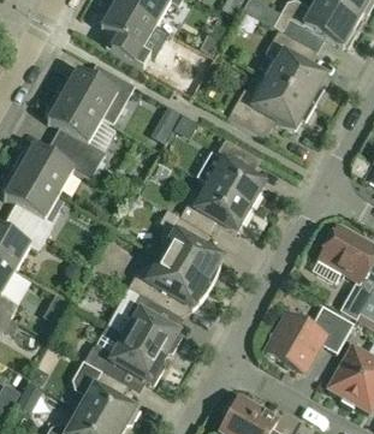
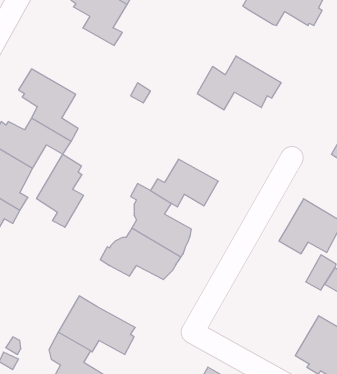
building: [266,29,327,106] -> none
building: [58,66,133,118] -> none
building: [197,137,265,207] -> none
building: none -> [37,154,83,227]
building: [125,293,183,357] -> none
building: [267,305,355,371] -> none

